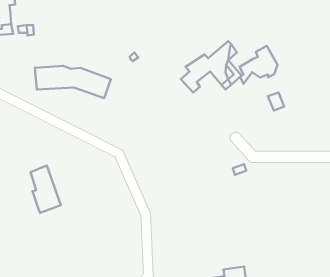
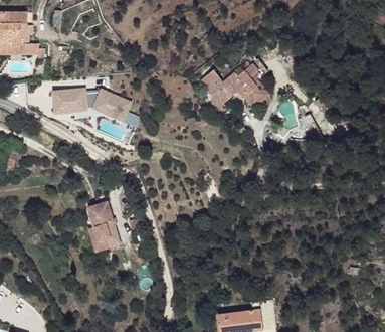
building: [239,46,278,84] -> none
building: [31,166,61,213] -> [89,204,122,255]

